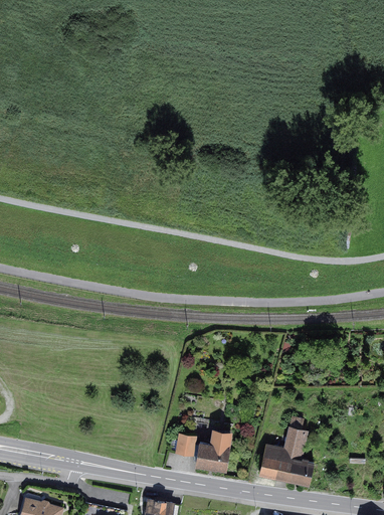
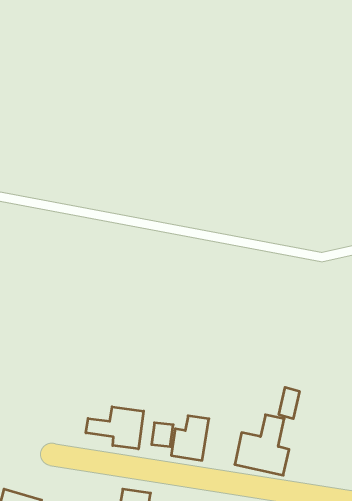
building: none -> [279,387,299,419]
building: none -> [86,407,144,449]

